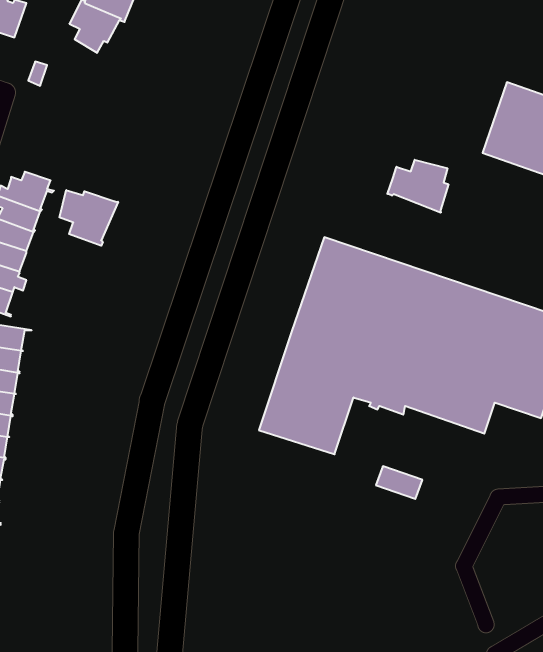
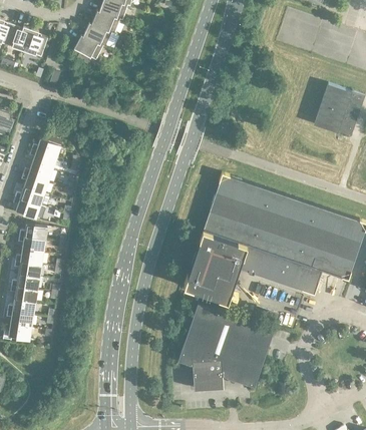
building: [387,160,448,213] -> none
building: [59,190,118,246] -> none
building: none -> [176,303,273,390]

